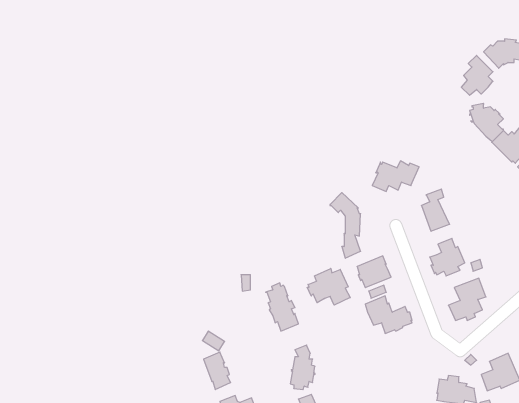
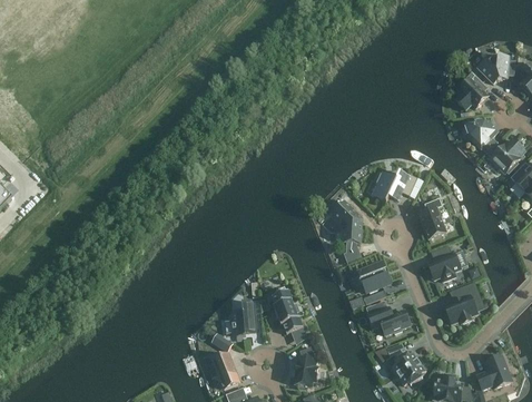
building: [307,268,350,305] -> none
building: none -> [225,303,256,335]
building: none -> [387,343,425,385]

